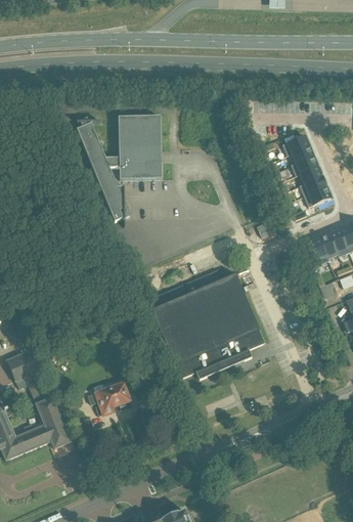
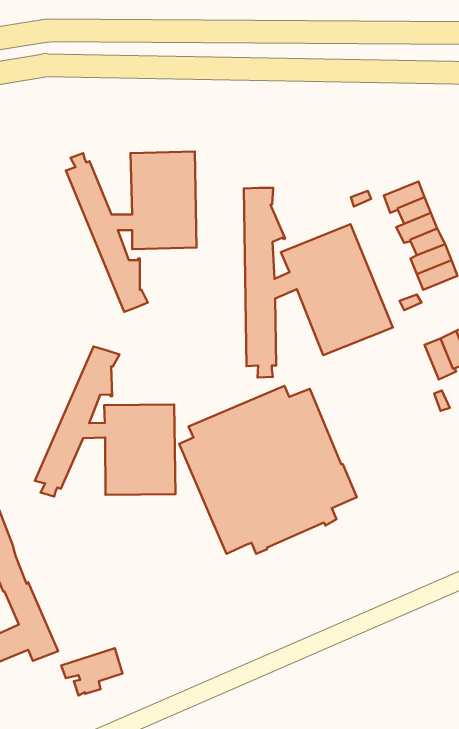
building: none -> [244,188,393,378]
building: none -> [35,347,176,496]
building: [88,384,128,415] -> [61,648,123,695]

